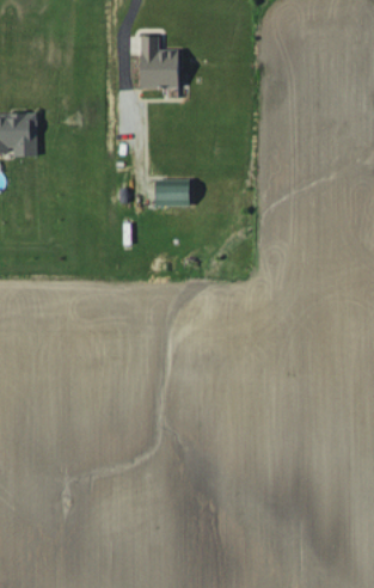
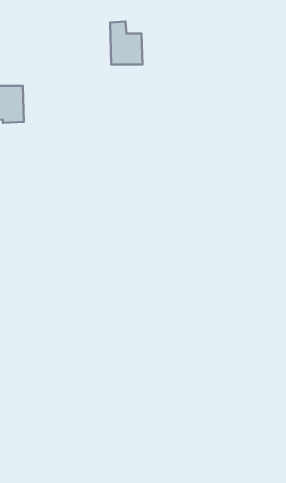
building: [154,179,189,206] -> none

